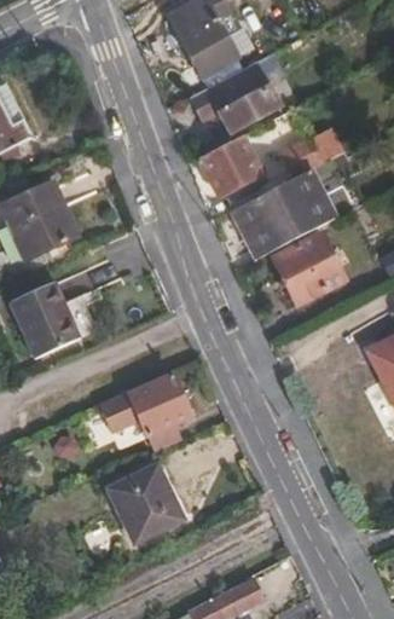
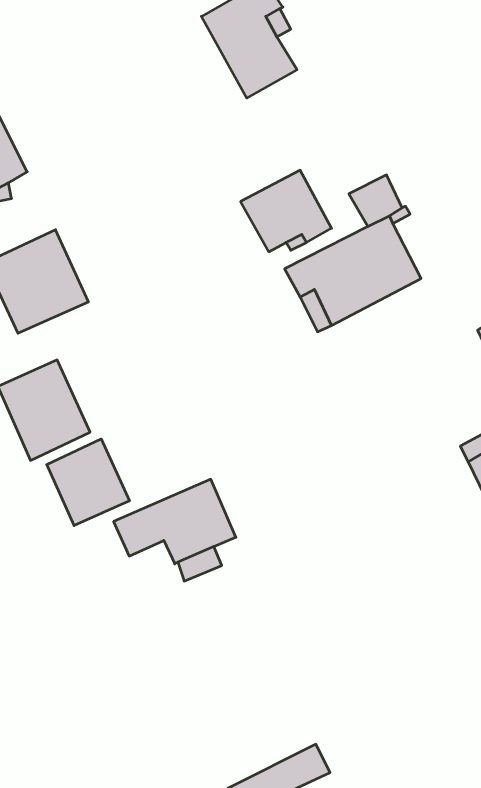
building: [190,62,282,135] -> none
building: [271,231,347,307] -> none
building: none -> [47,439,129,526]
building: [109,464,182,543] -> none

